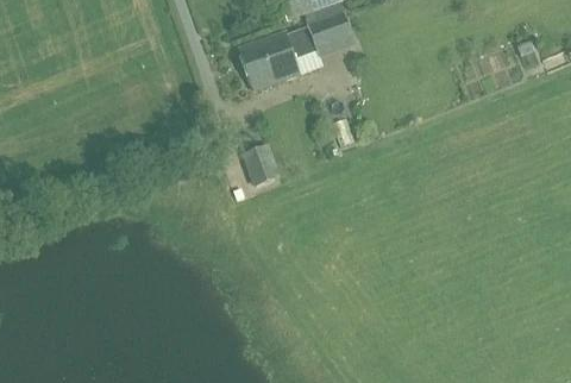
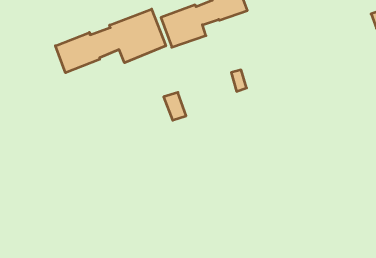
building: none -> [55,9,166,73]

